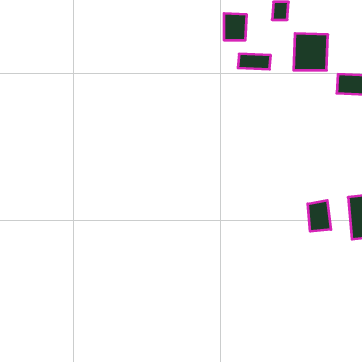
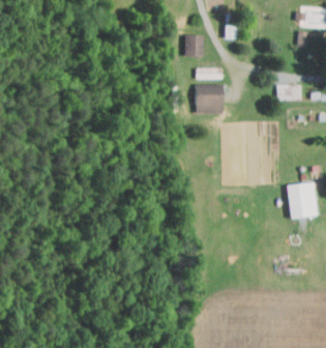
building: [294,33,328,70] -> [196,84,224,114]
building: [308,200,331,231] -> none

